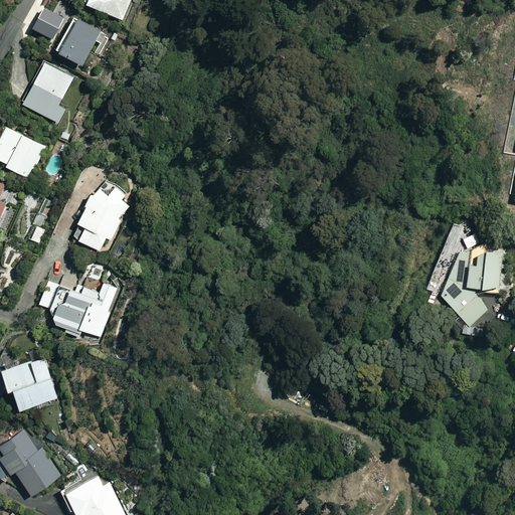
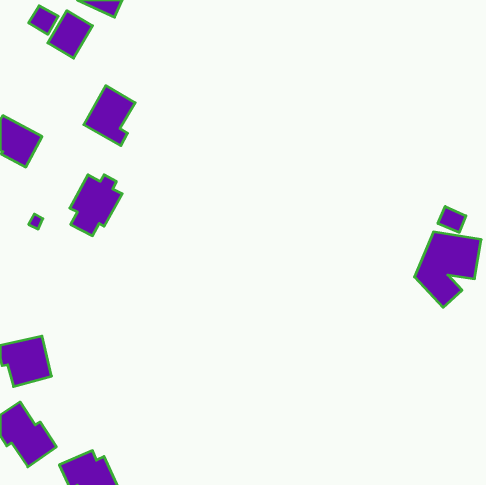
building: [19,60,73,124] -> [84,86,135,146]
building: none -> [438,206,466,232]
building: [39,280,124,340] -> none

